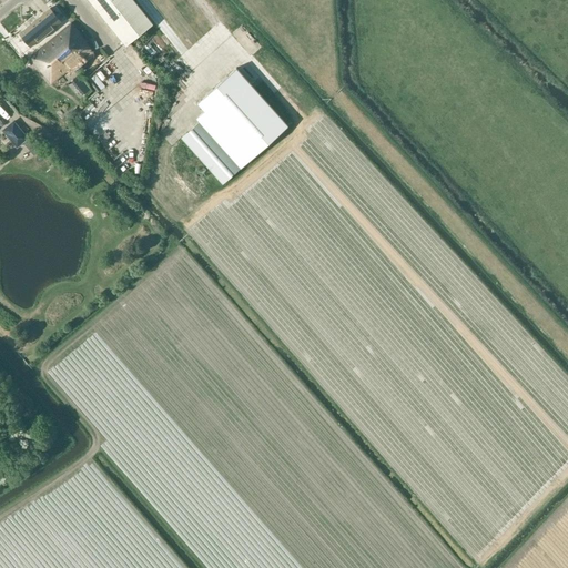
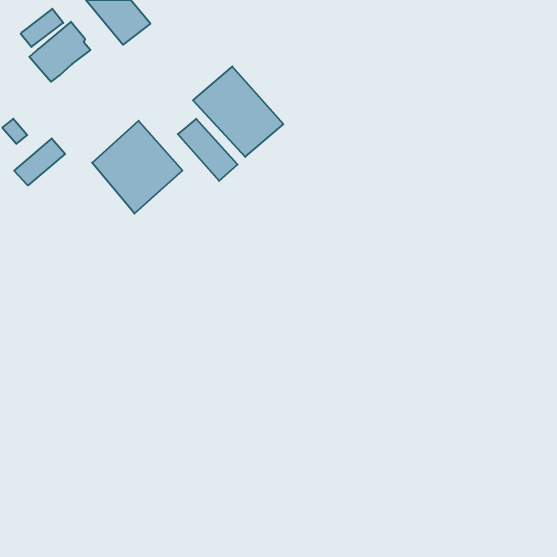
building: none -> [92,121,182,214]
building: none -> [14,138,65,185]

